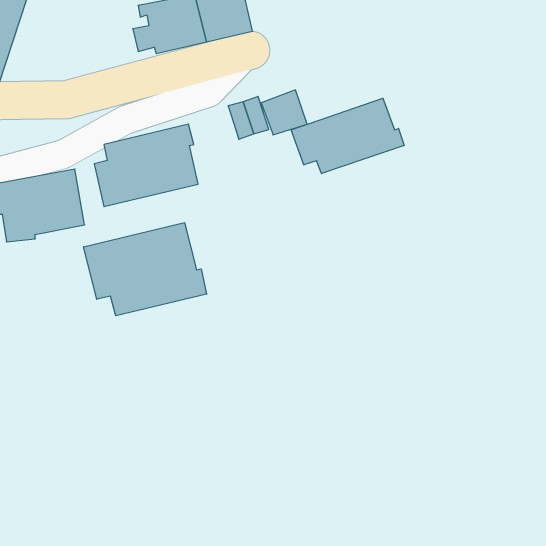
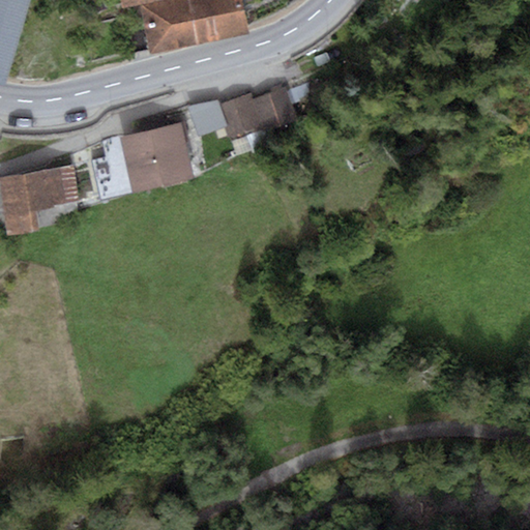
building: [291,98,404,174] -> none
building: none -> [186,99,223,135]
building: [84,223,207,316] -> none

